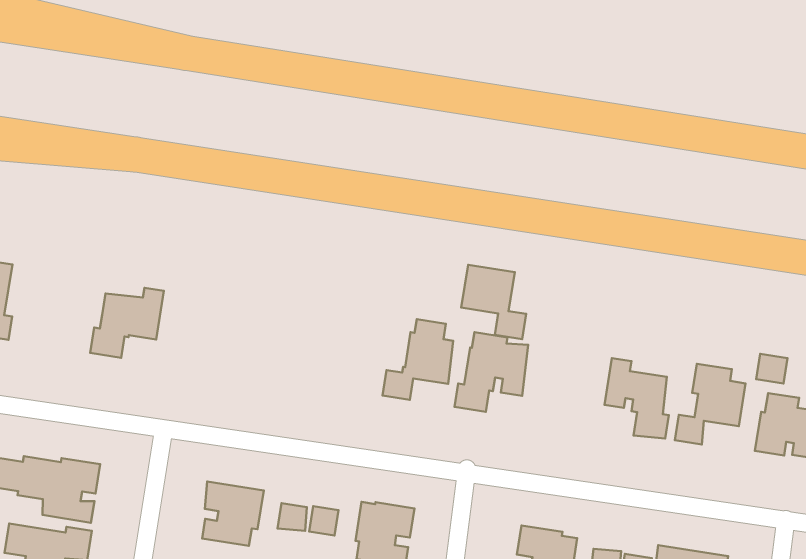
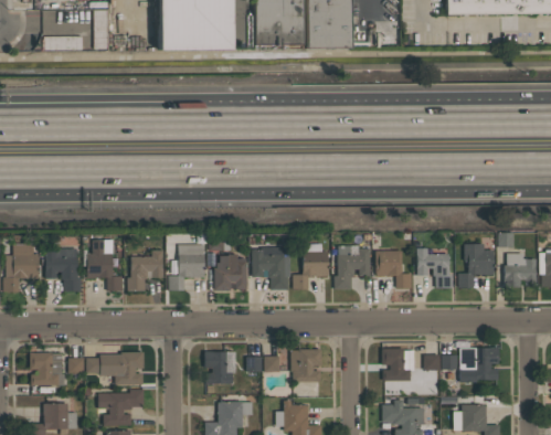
building: none -> [87,240,124,290]
building: [461,265,526,339] -> [375,251,412,287]
building: none -> [169,244,205,290]
building: none -> [253,247,292,289]
building: none -> [215,253,247,289]

